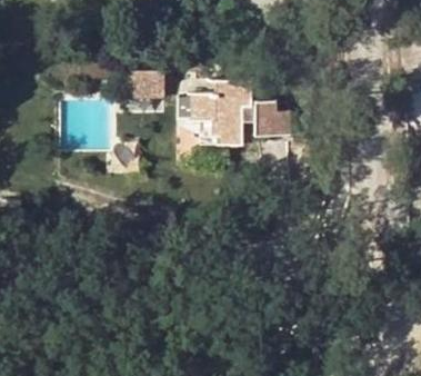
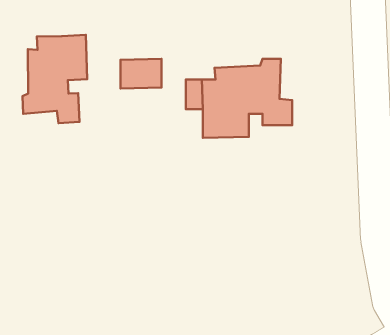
building: none -> [22,35,87,123]

